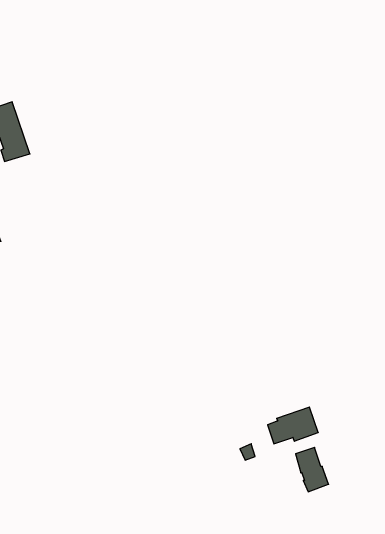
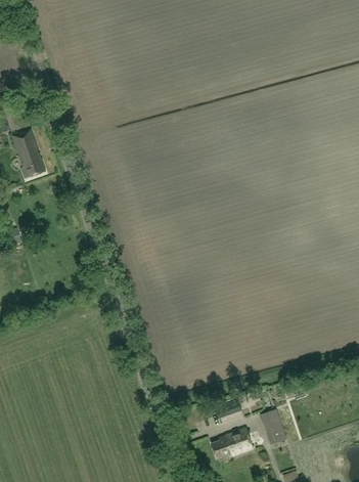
building: [268,407,318,444] -> [210,429,251,458]

